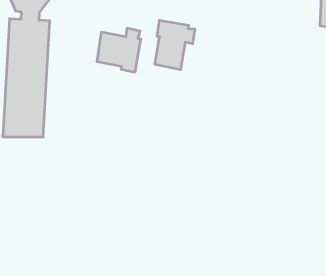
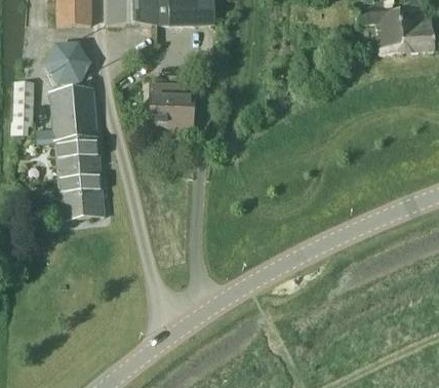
building: [155,20,195,70] -> none

